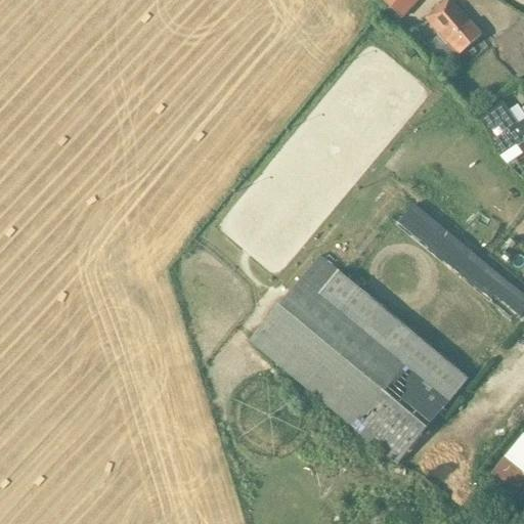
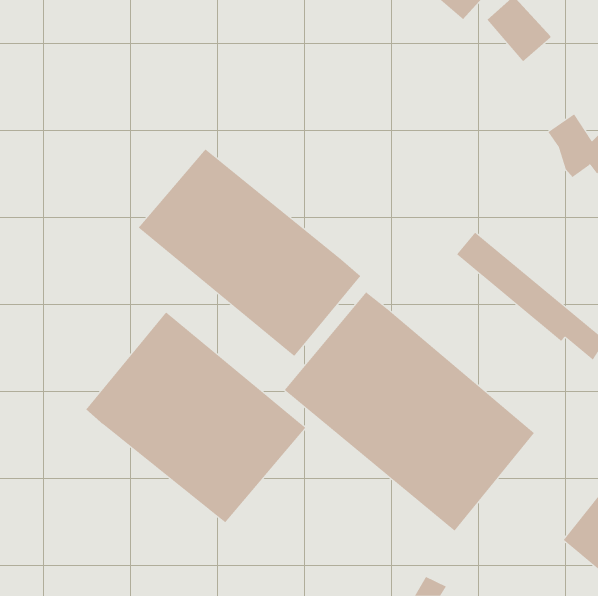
building: none -> [138,149,361,357]
building: none -> [85,312,306,523]

